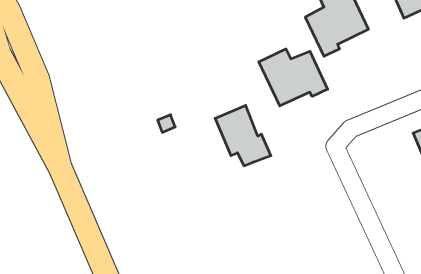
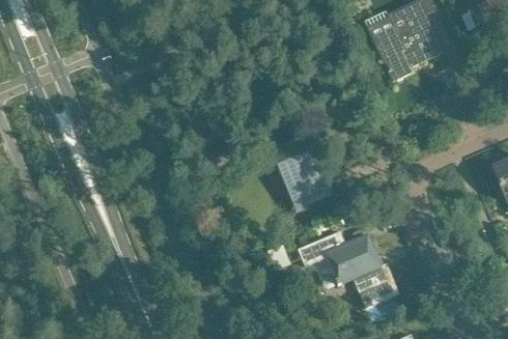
building: [259,49,328,106] -> none
building: none -> [298,232,399,308]

